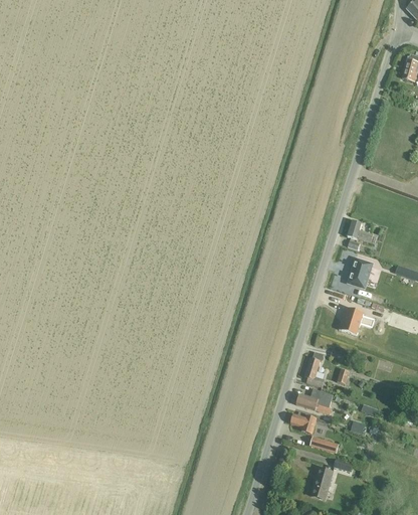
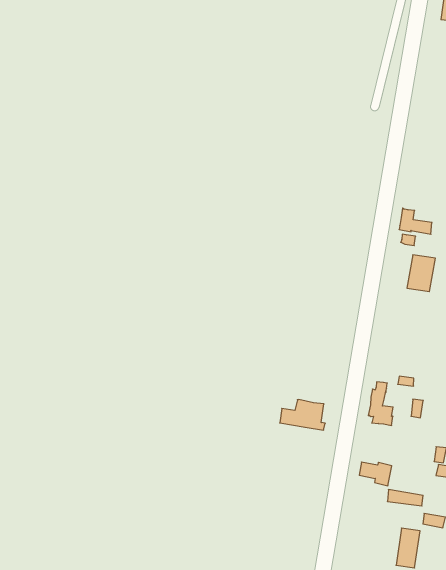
building: [338,307,363,334] -> none
building: [296,387,333,413] -> [280,400,325,430]

